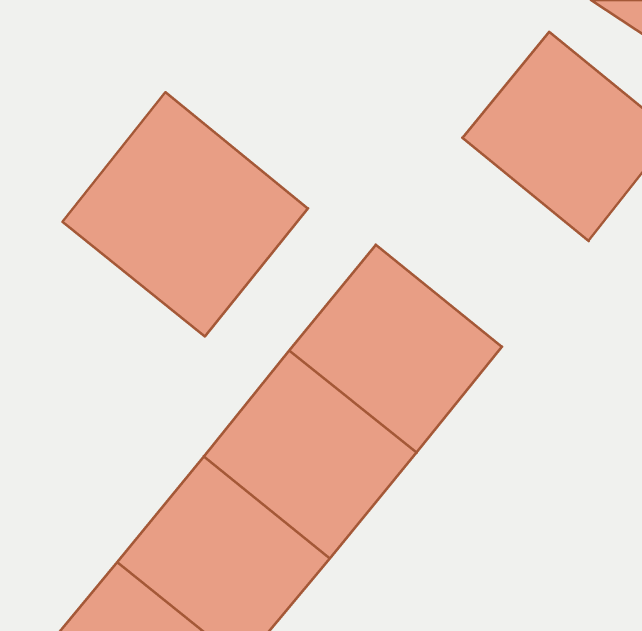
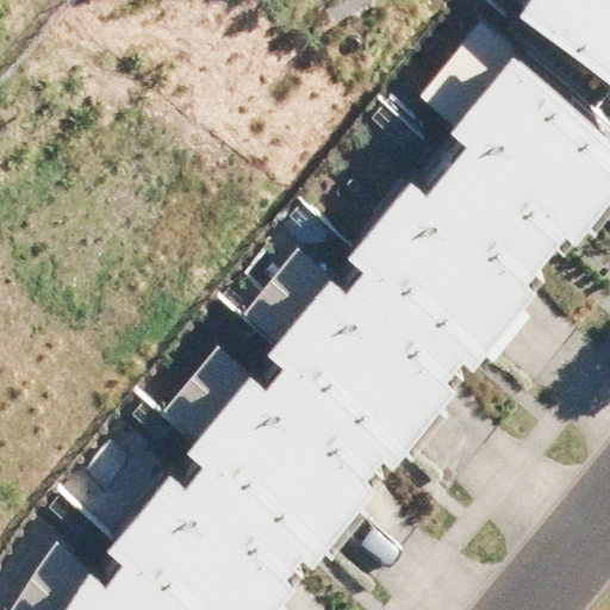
building: [63,92,308,336] -> none
building: none -> [360,148,559,343]

